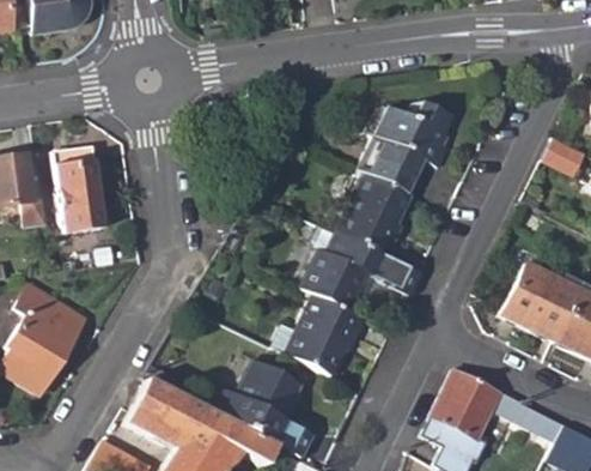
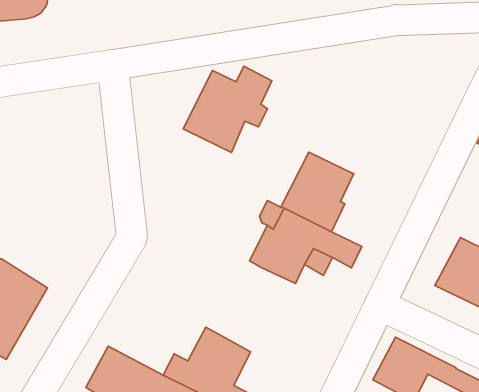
building: [360,102,455,194] -> [183,66,272,152]
building: [55,144,106,231] -> none
building: [269,295,366,376] -> none

